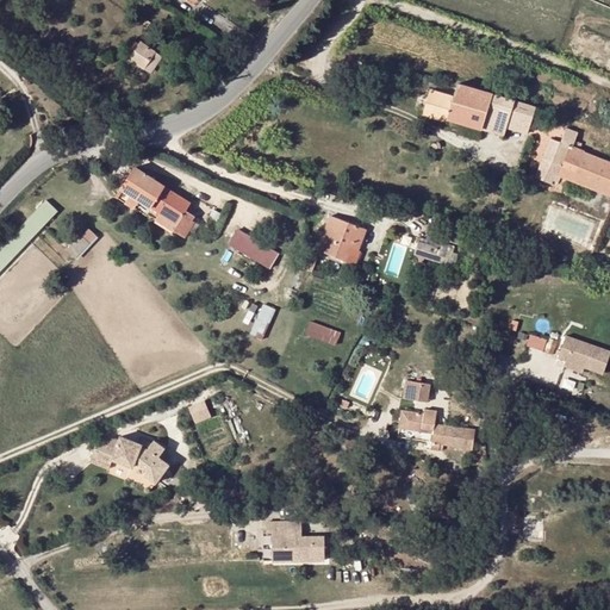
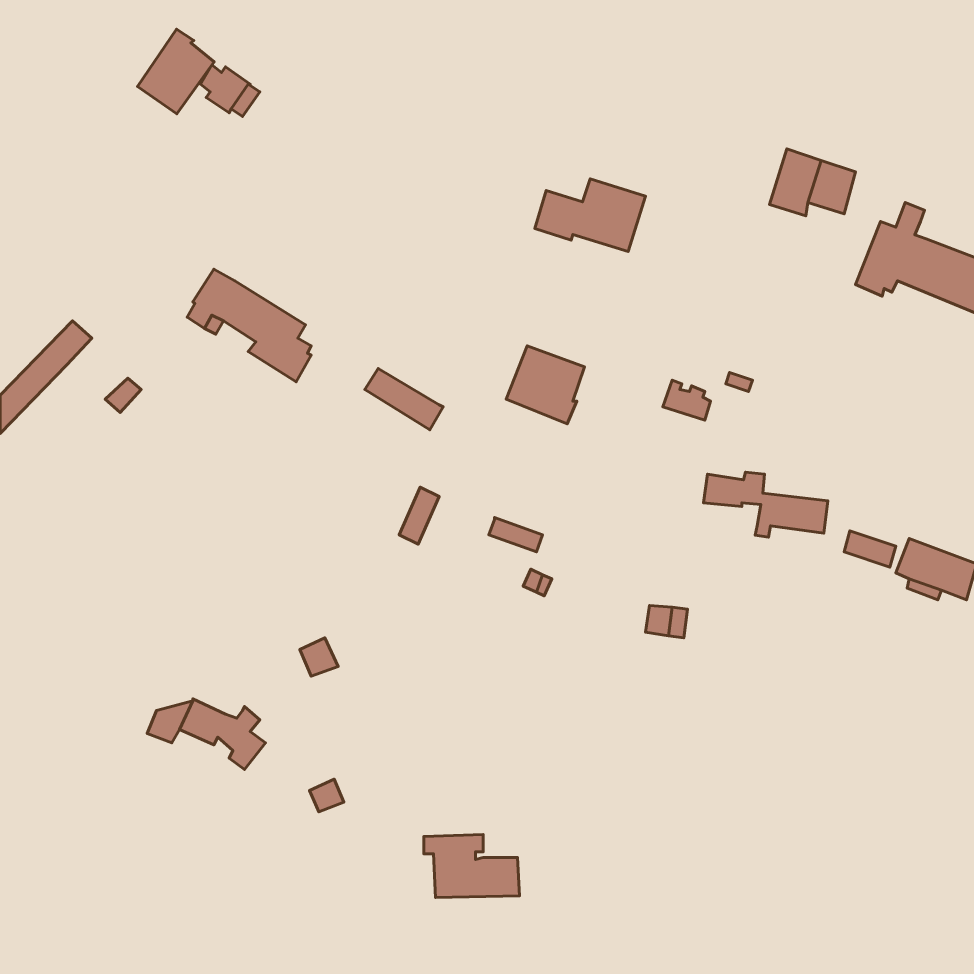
building: none -> [138,29,214,114]
building: [423,83,492,129] -> [535,179,645,252]
building: [399,406,477,447] -> [704,472,828,537]

